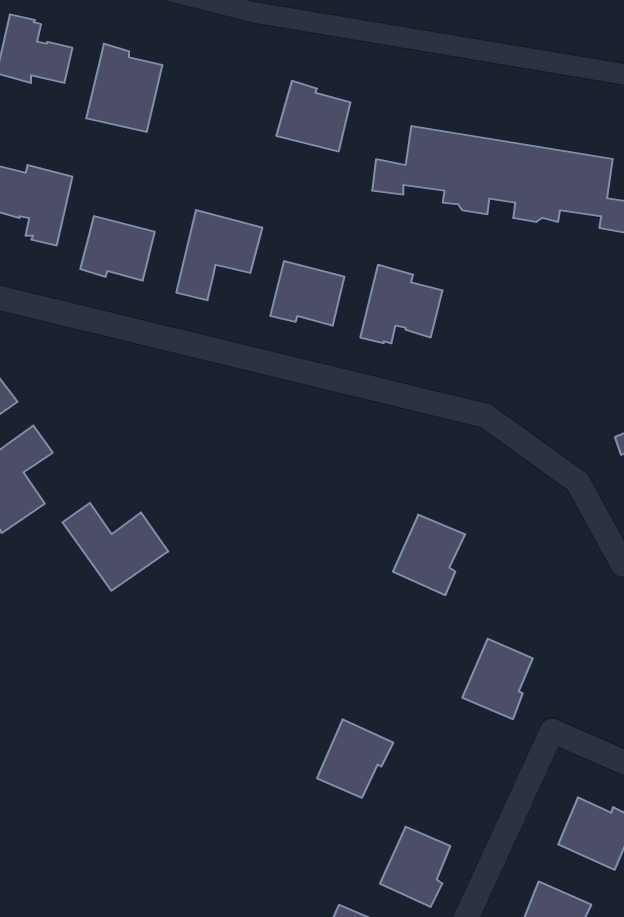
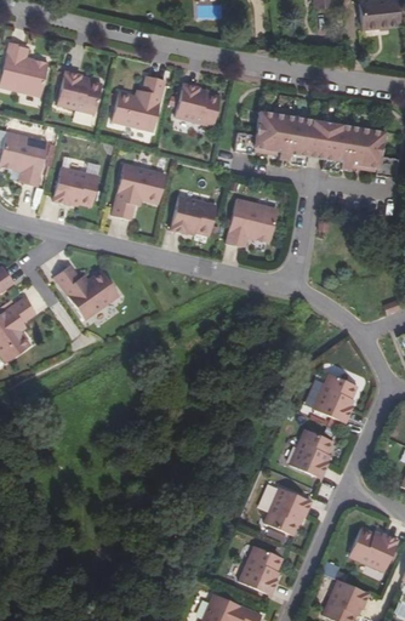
building: none -> [110,75,165,131]
building: [62,503,168,591] -> [53,264,119,319]
building: [393,515,465,595] -> [312,372,356,422]
building: [317,719,393,798] -> [263,486,310,535]

